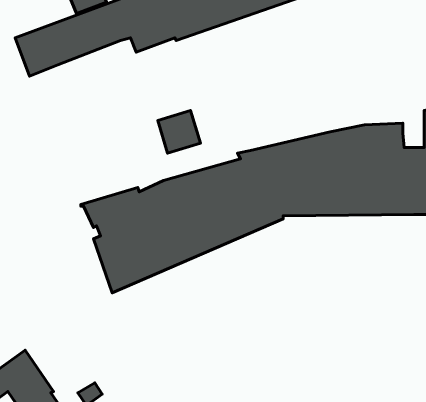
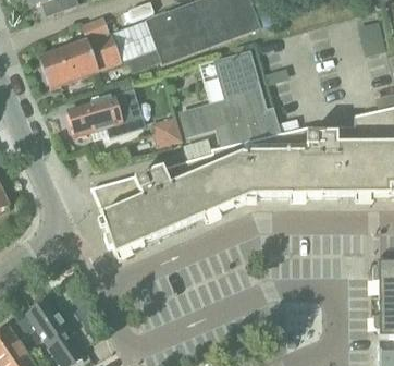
building: none -> [184,51,282,144]
building: none -> [69,89,146,139]

